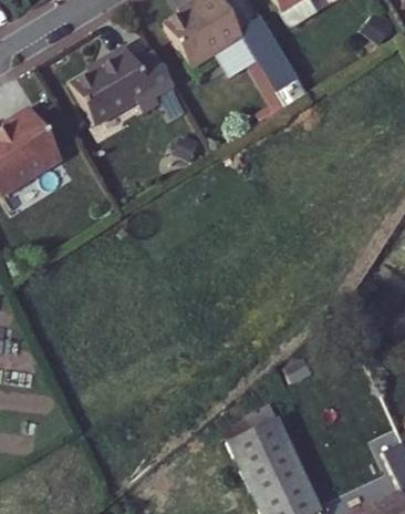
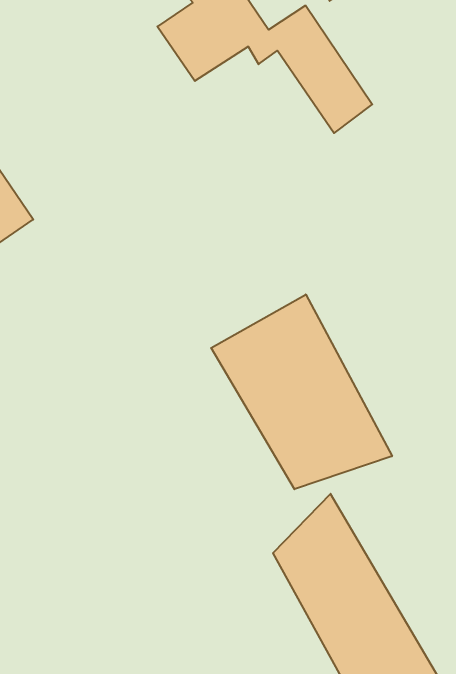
building: [69,51,173,135] -> none
building: none -> [211,294,392,489]

